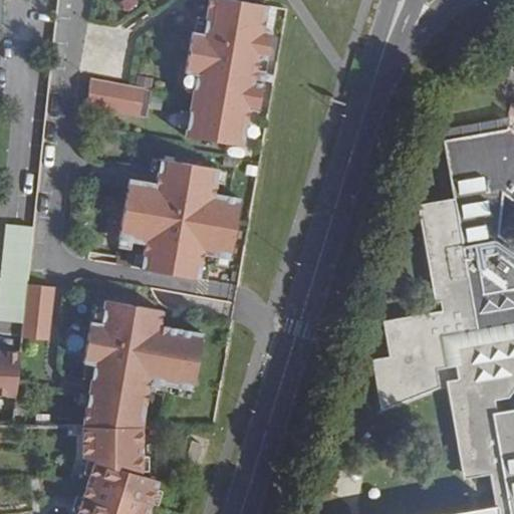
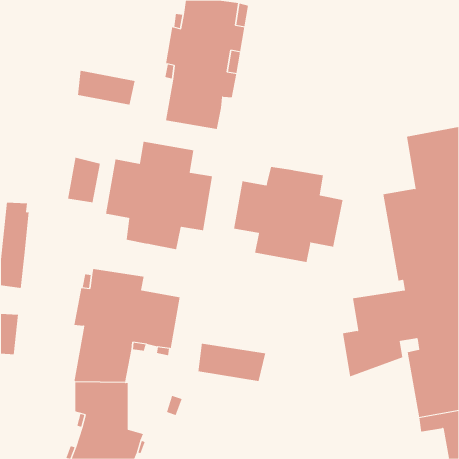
building: none -> [68,157,100,203]
building: none -> [234,166,343,263]
building: [22,285,54,341] -> none
building: none -> [198,343,266,382]

